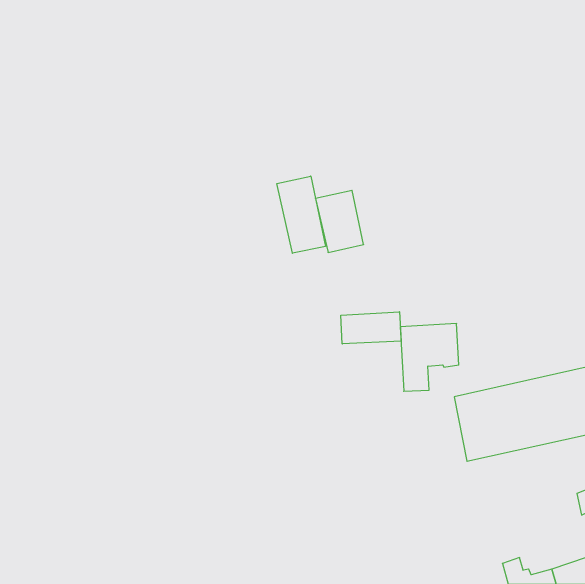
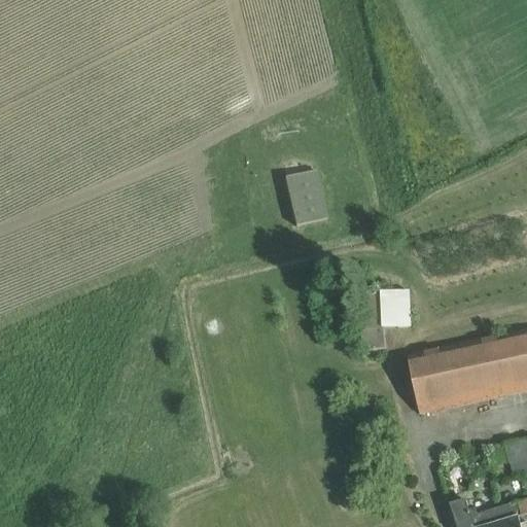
building: [277,176,325,253] -> none
building: [341,312,401,344] -> none

